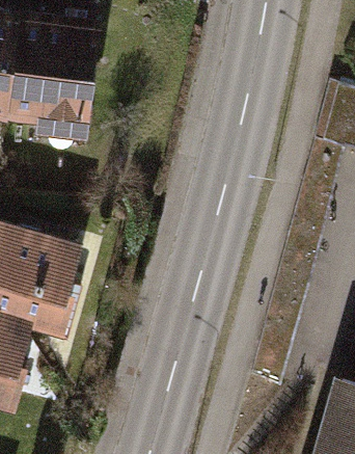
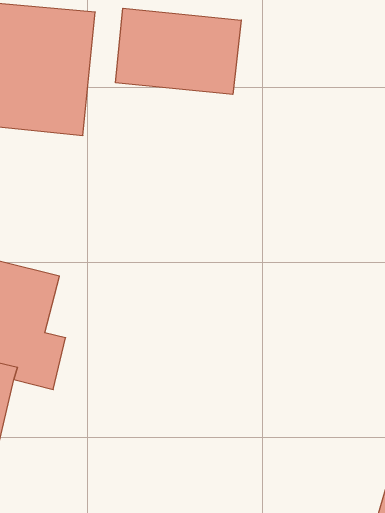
building: none -> [116,8,241,94]

